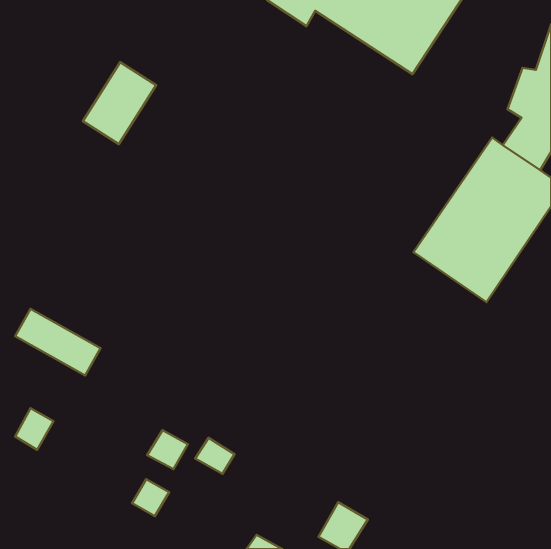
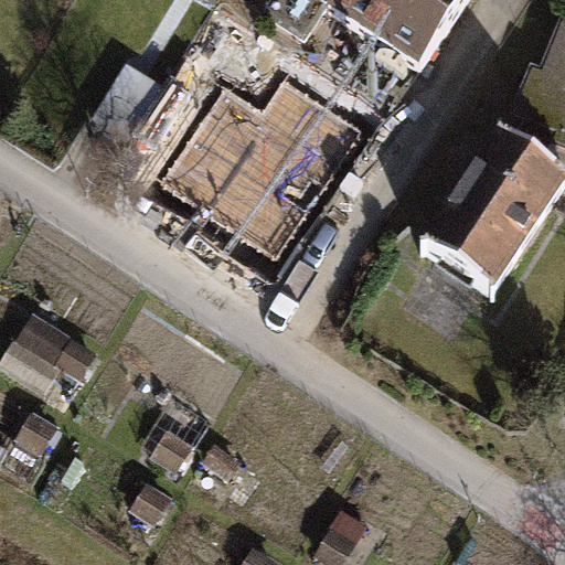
building: none -> [159,75,355,252]

